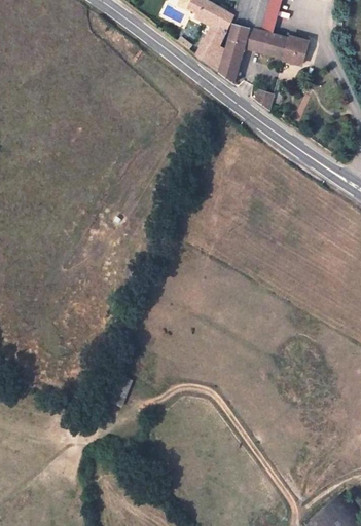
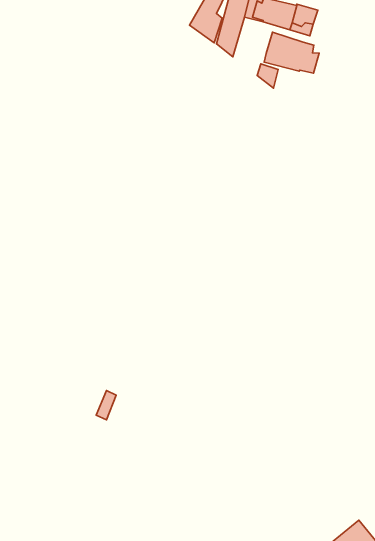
building: none -> [264,32,319,73]

